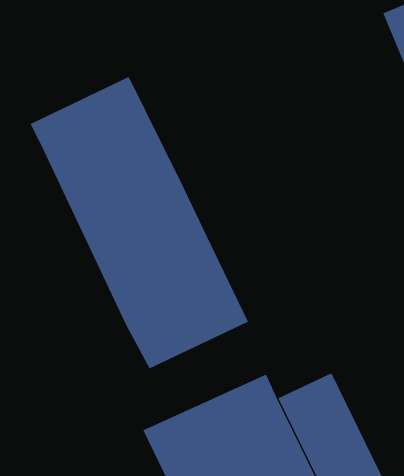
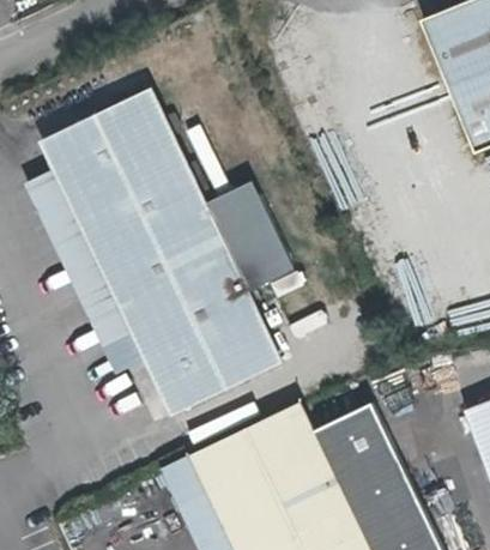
building: none -> [24,173,147,377]
building: none -> [208,183,296,294]

